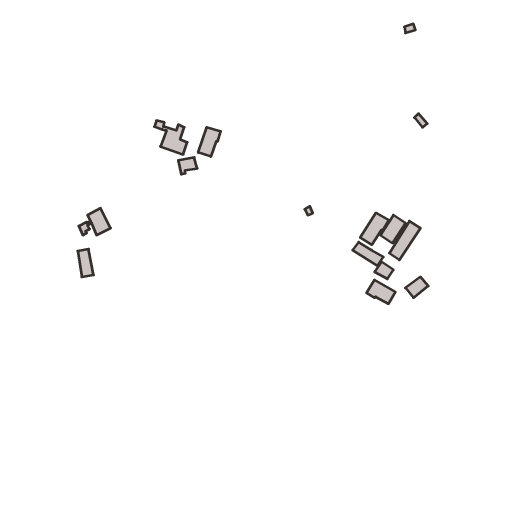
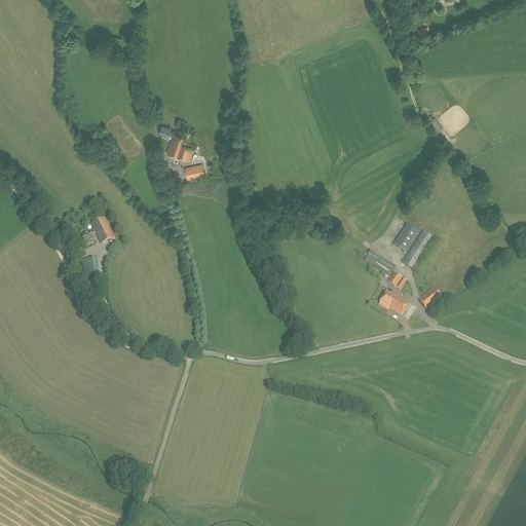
building: [198,127,221,157] -> none
building: [360,213,389,245] -> none

